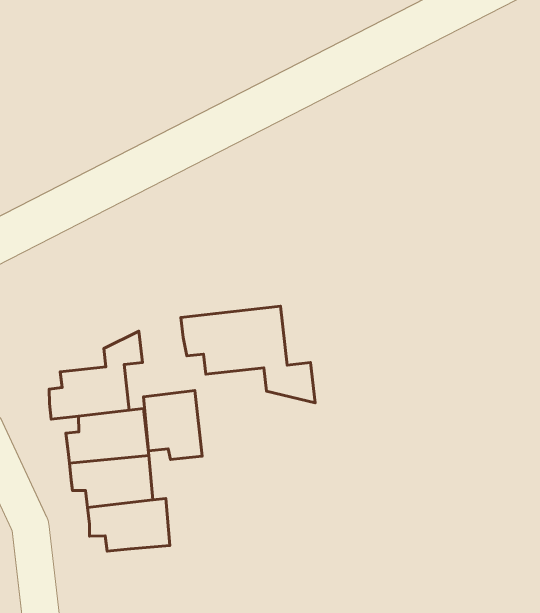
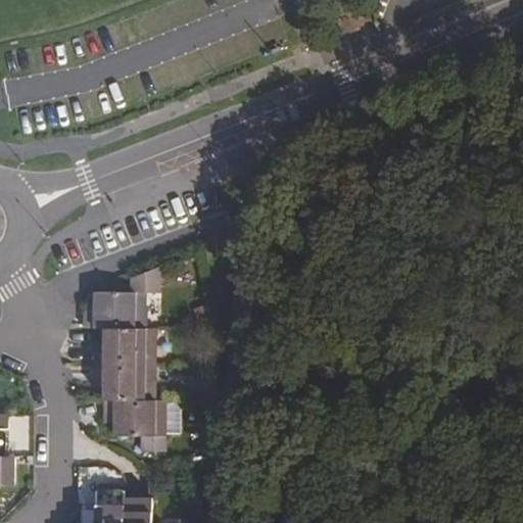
building: [181,306,315,403] -> none
building: [144,390,202,459] -> none

